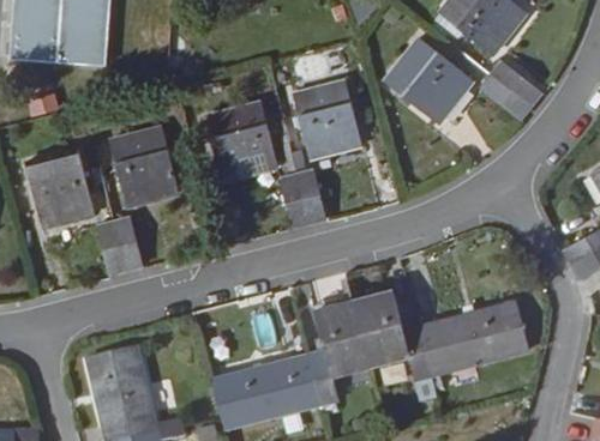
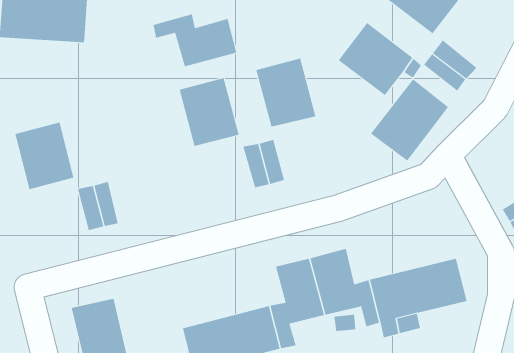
building: none -> [153,14,237,67]
building: none -> [370,79,449,162]
building: [110,127,178,204] -> none

